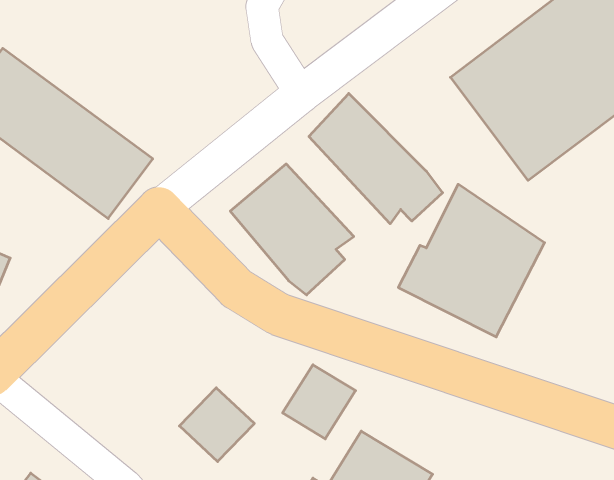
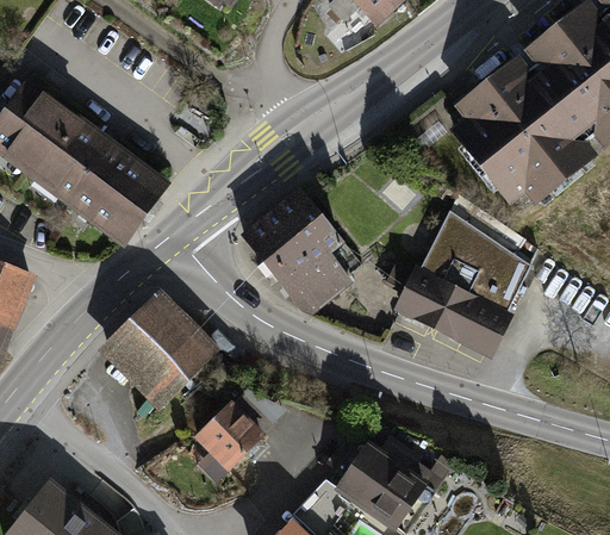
building: [309,93,443,224] -> none
building: none -> [98,292,217,411]
building: [283,365,356,439] -> none

